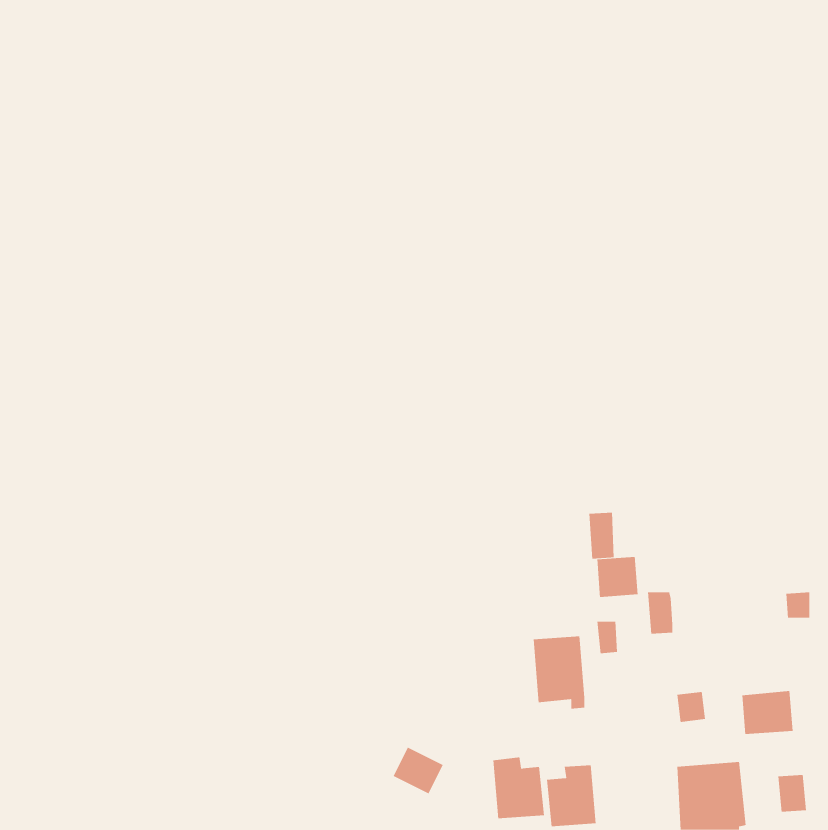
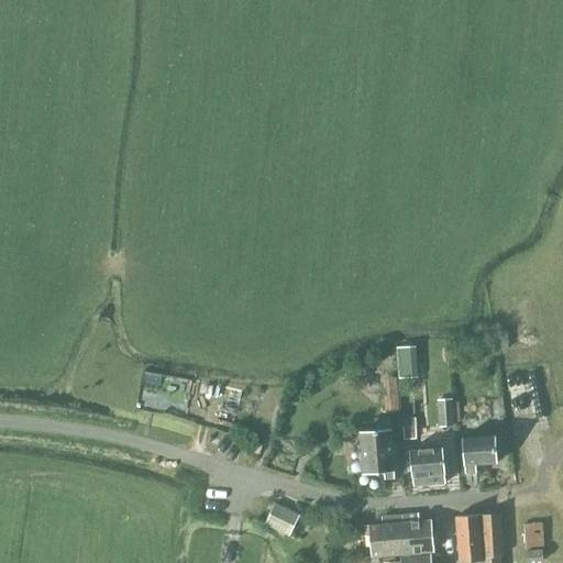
building: [597,556,638,598] -> none
building: none -> [409,446,445,487]
building: [741,690,794,734] -> [462,435,497,465]
building: [493,757,545,819] -> [399,514,434,555]

